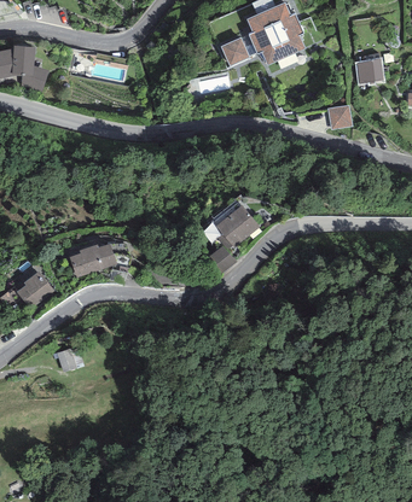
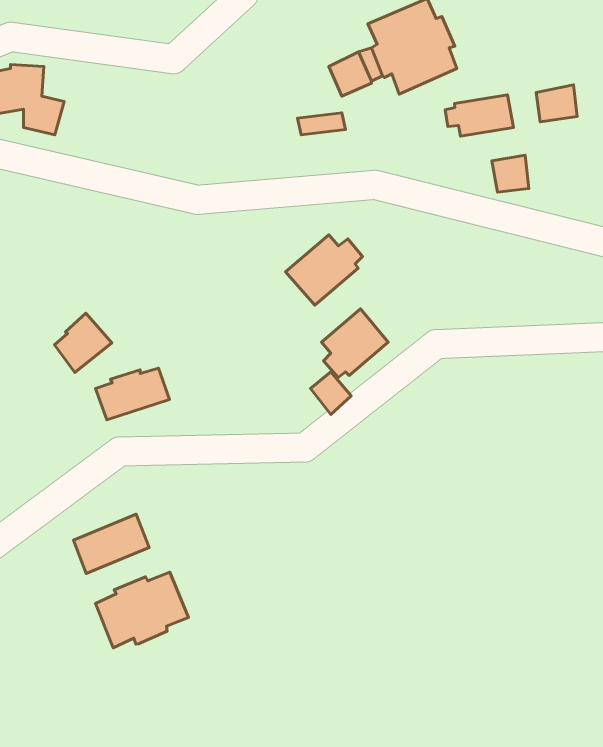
building: none -> [445,95,513,136]
building: none -> [286,235,362,305]
building: [16,270,53,309] -> [54,313,112,372]
building: none -> [96,572,188,648]

